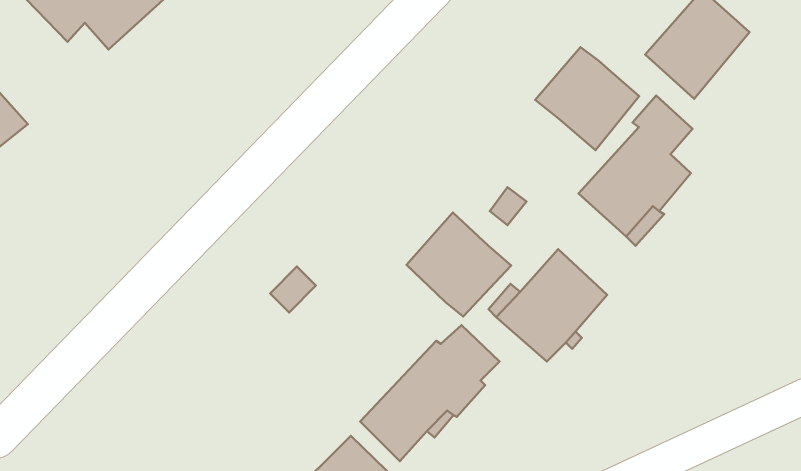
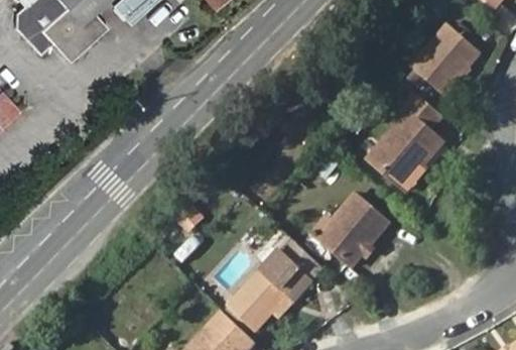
building: [535,47,639,150] -> none
building: [406,213,511,317] -> none

